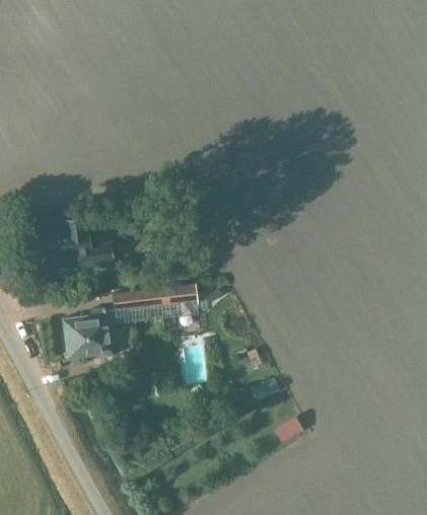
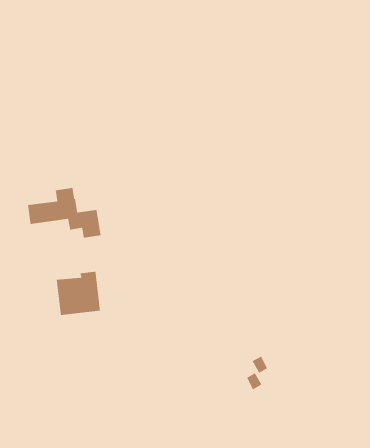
building: [113,286,199,317] -> none

